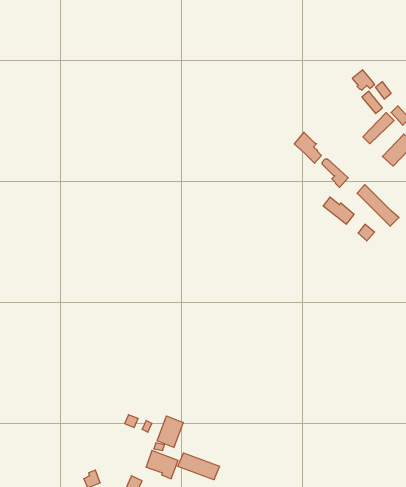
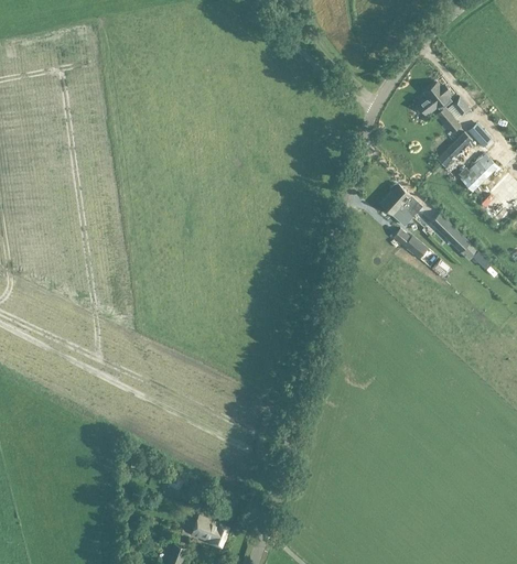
building: [294,132,321,163] -> [380,191,411,226]
building: [157,416,183,448] -> none
building: [178,453,219,480] -> none

